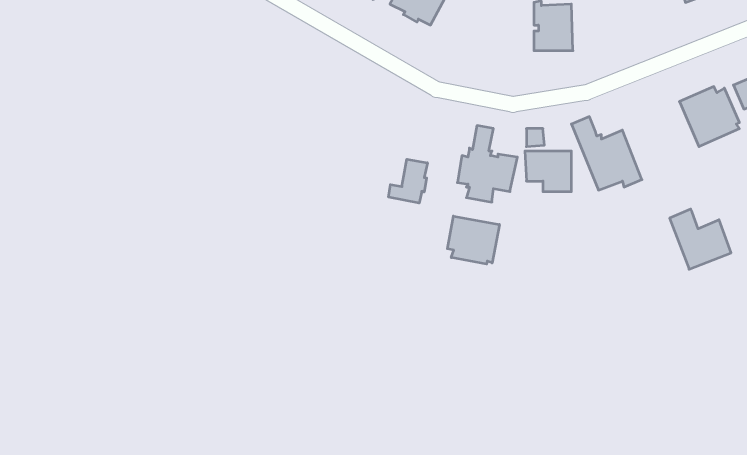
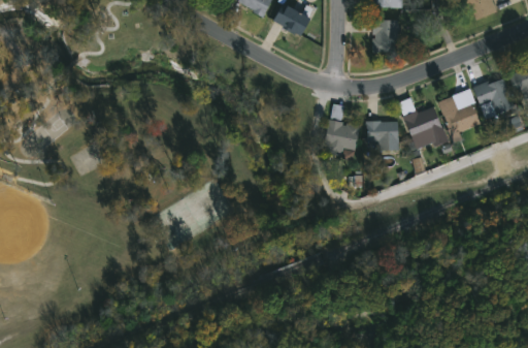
building: [389,159,427,203] -> none
building: [670,209,731,269] -> [438,95,481,136]
building: [447,216,499,264] -> none

